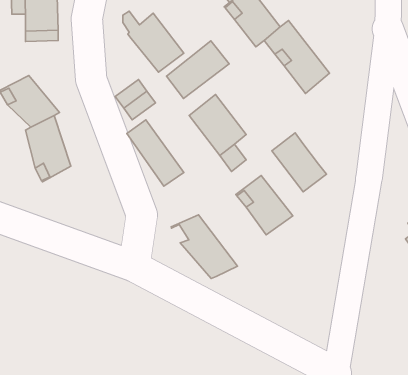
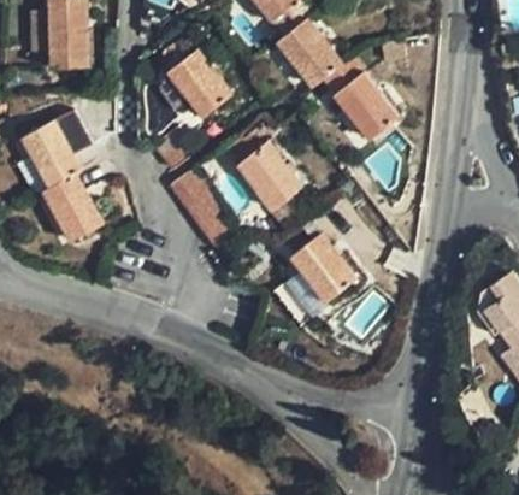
building: [166,41,229,99] -> none
building: [272,133,327,192] -> none
building: [171,215,237,279] -> none

